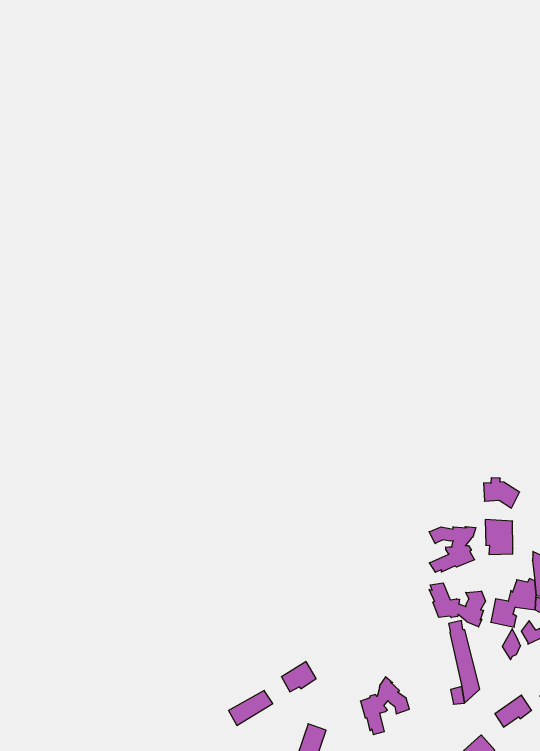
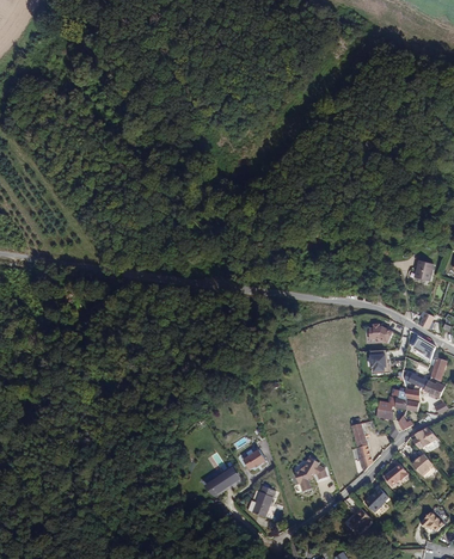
building: [429,527,476,572] -> none
building: [429,583,486,627] -> none

